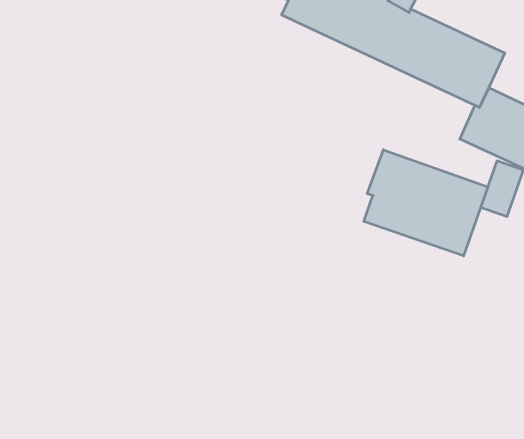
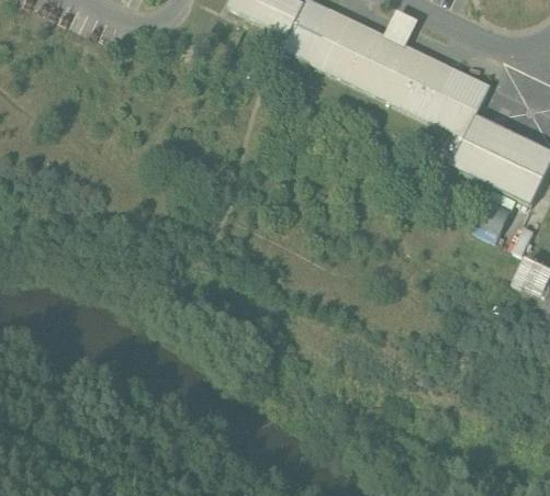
building: [364,150,488,256] -> none

